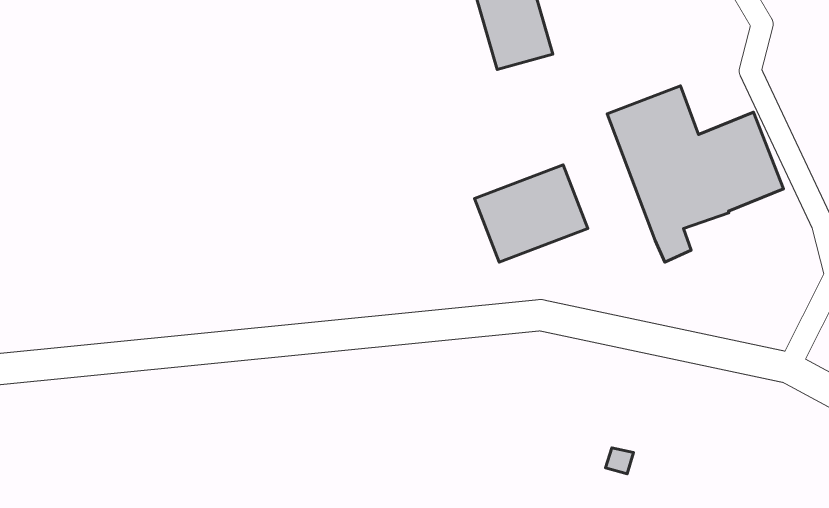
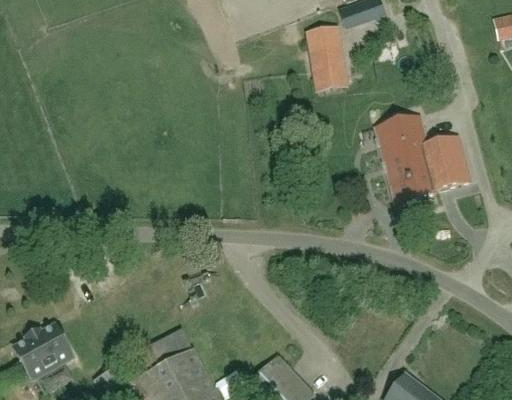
building: [474,165,588,262] -> none

